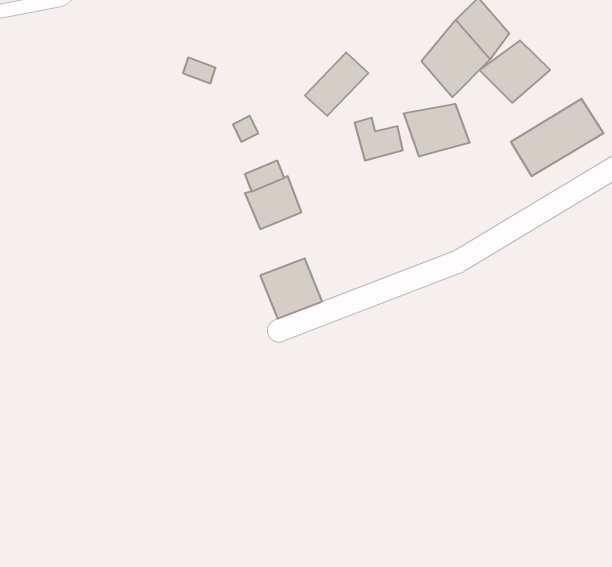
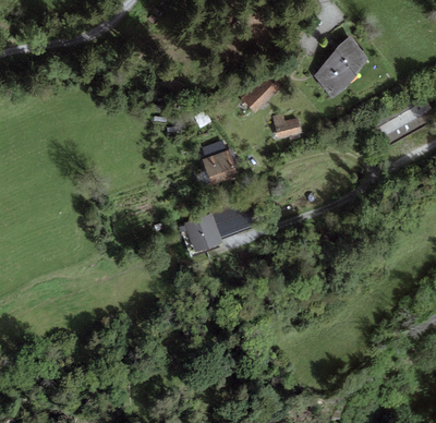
building: [479,40,550,103] -> none
building: [404,104,469,157] -> none
building: none -> [183,214,223,255]

